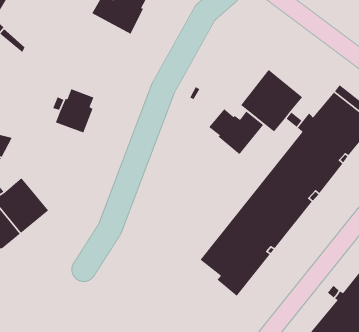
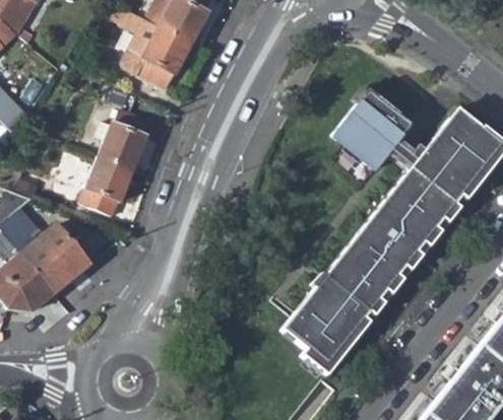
building: none -> [117,9,193,92]
building: [208,108,264,155] -> none
building: none -> [78,156,134,217]

